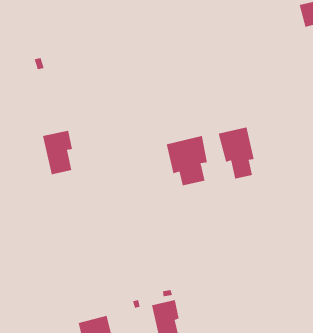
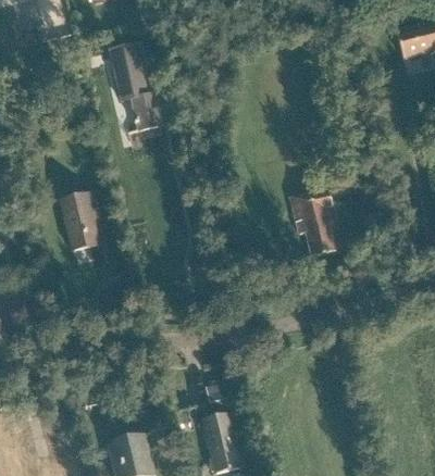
building: none -> [109,42,161,130]
building: [166,135,207,186] -> none

